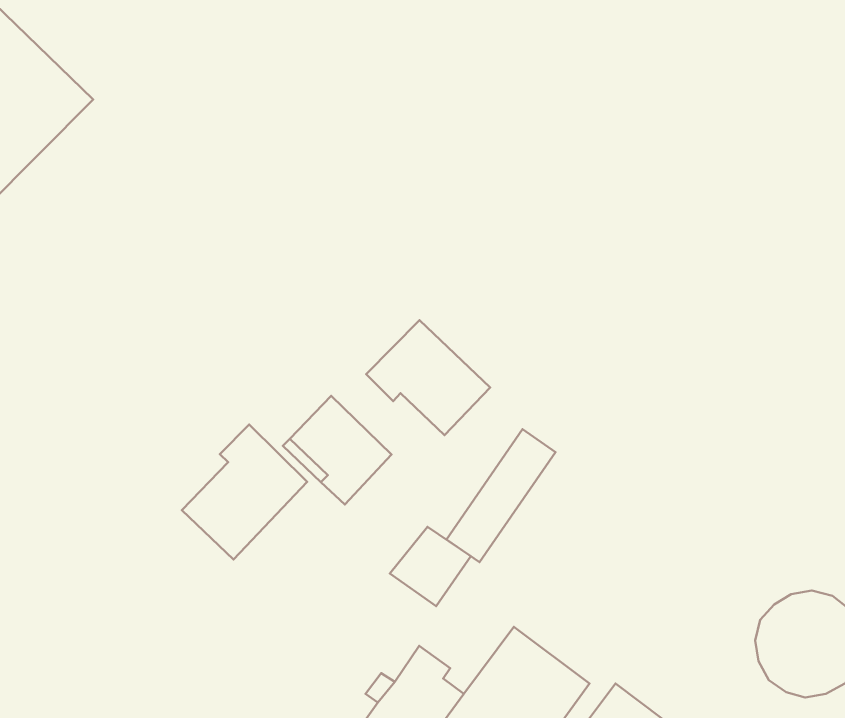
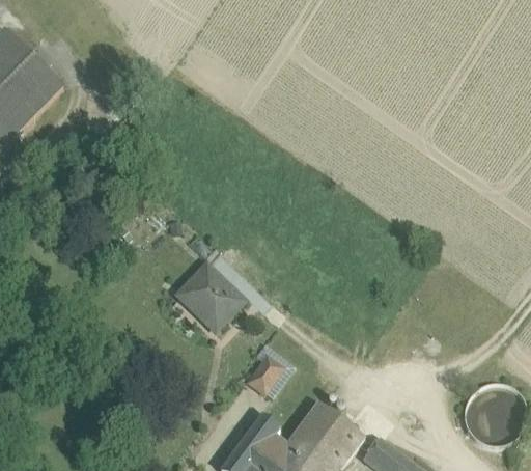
building: [366,320,490,435] -> none
building: [182,424,307,559] -> none
building: [447,429,556,562] -> none

